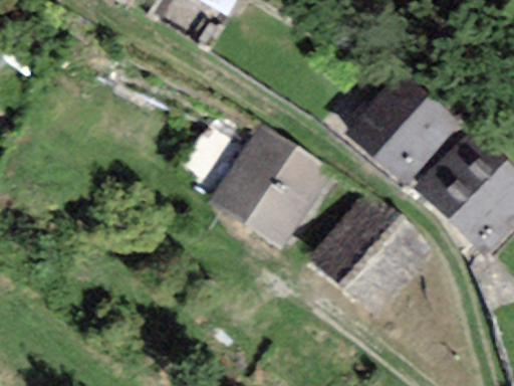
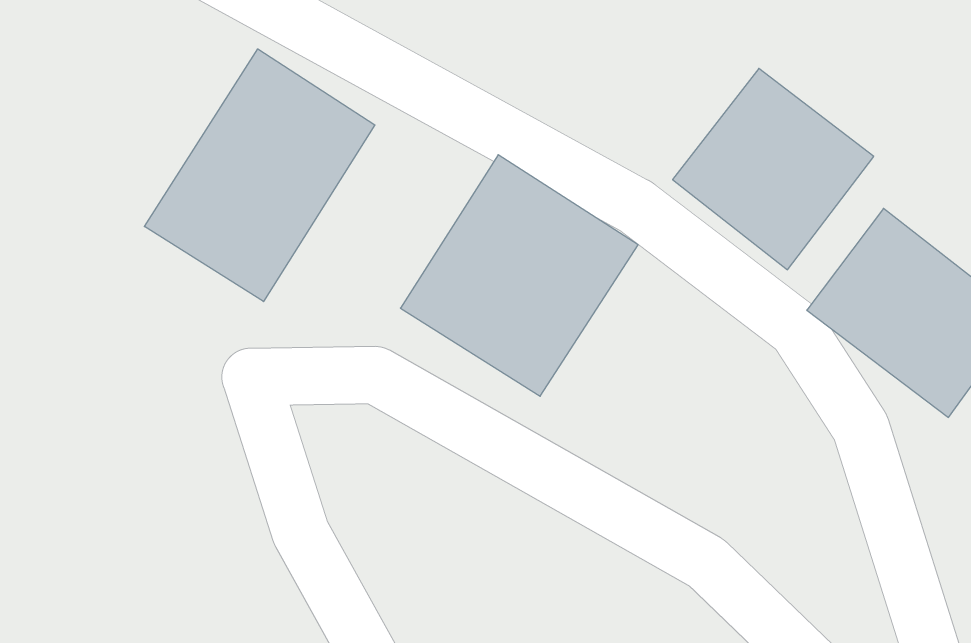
building: none -> [144,49,375,302]
building: [307,192,434,319] -> none

